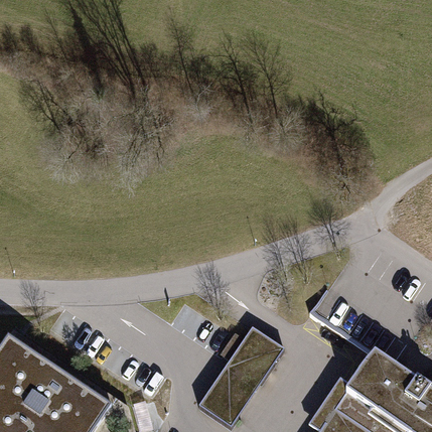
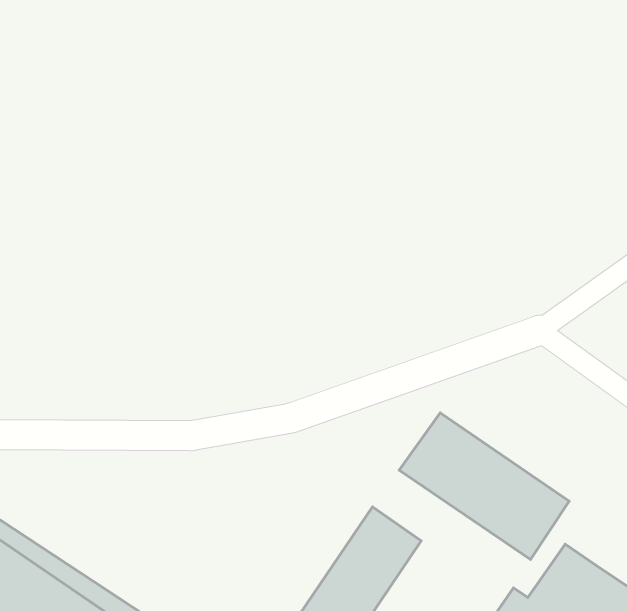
building: none -> [399,413,569,559]

